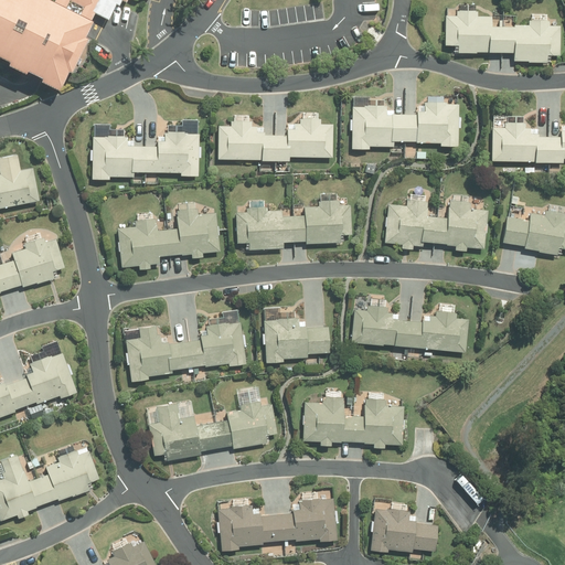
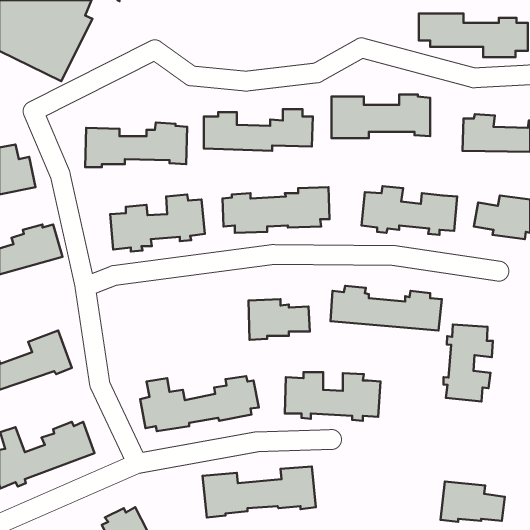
building: [126,321,245,381] -> none
building: none -> [444,324,493,401]
building: [370,509,438,552] -> [441,481,505,522]

